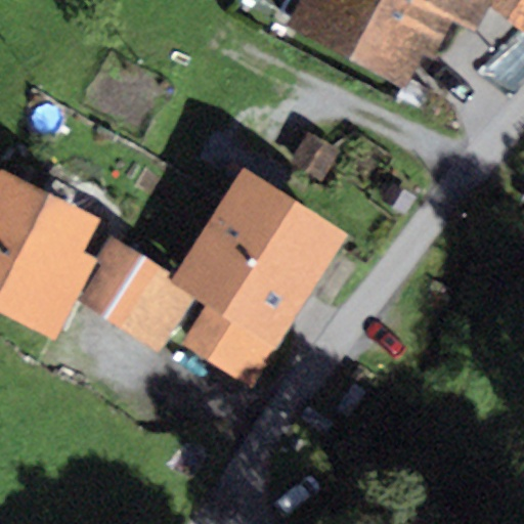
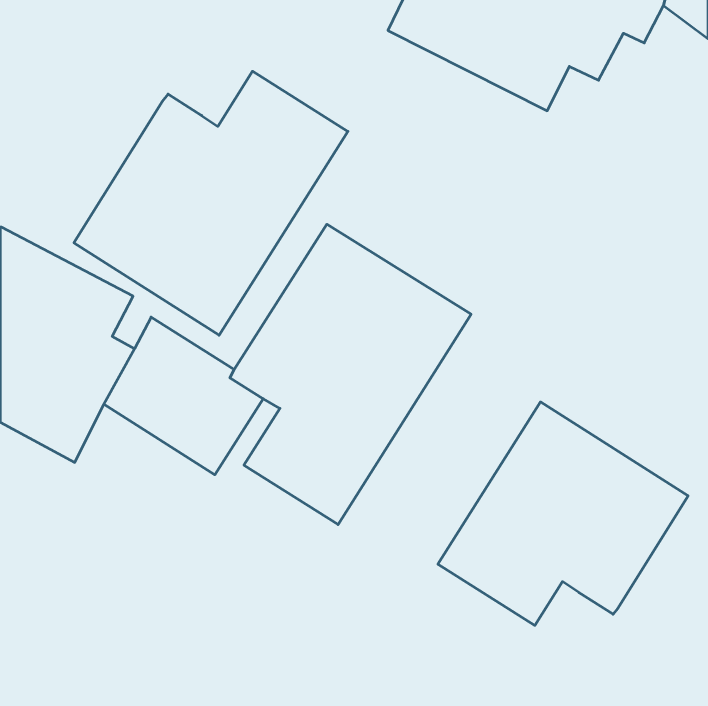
building: none -> [74,71,348,335]
building: none -> [438,402,688,625]

